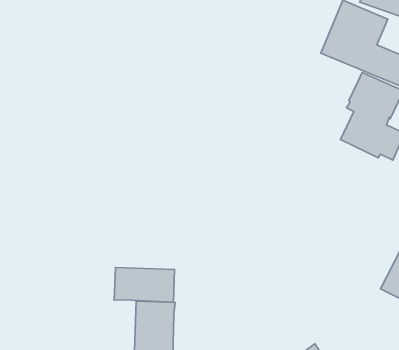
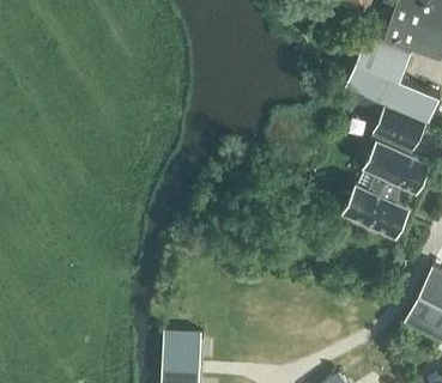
building: none -> [344,170,407,235]
building: [114,268,175,302] -> none

